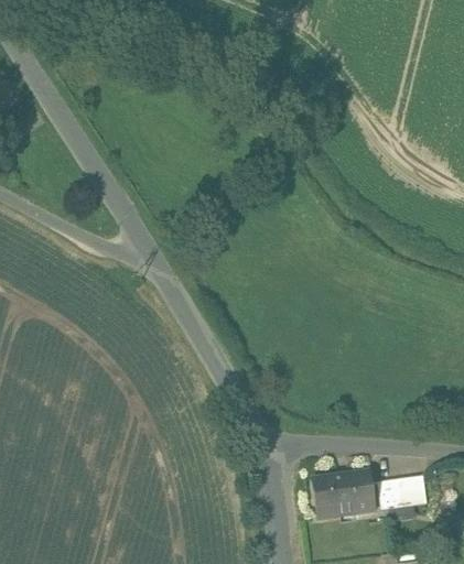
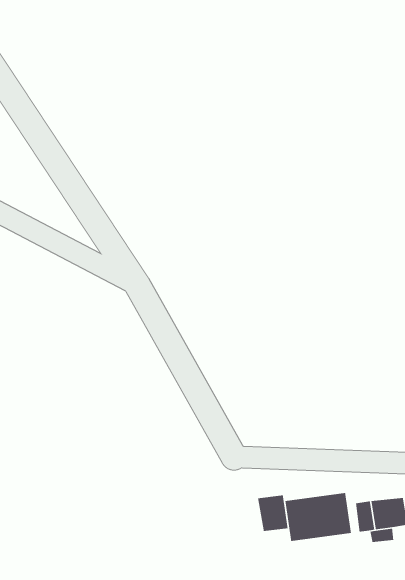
building: none -> [257,494,288,532]

